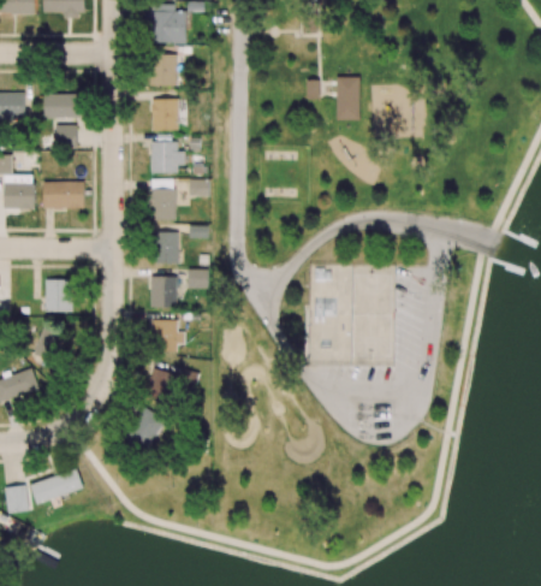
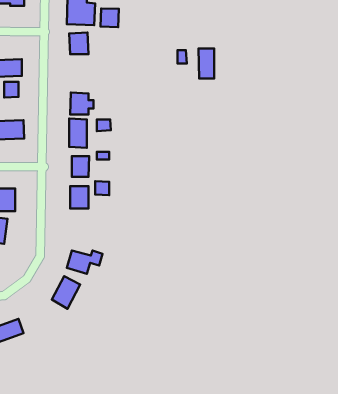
building: none -> [100,8,119,27]
building: [153,99,178,130] -> none
building: [151,319,185,351] -> none

